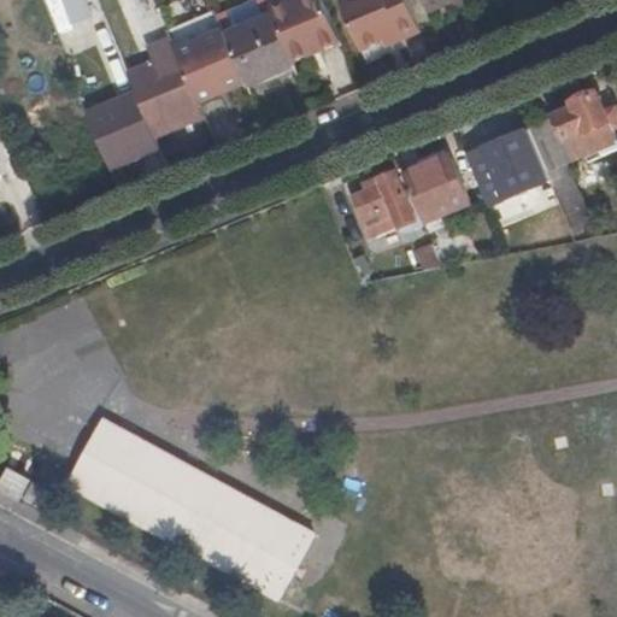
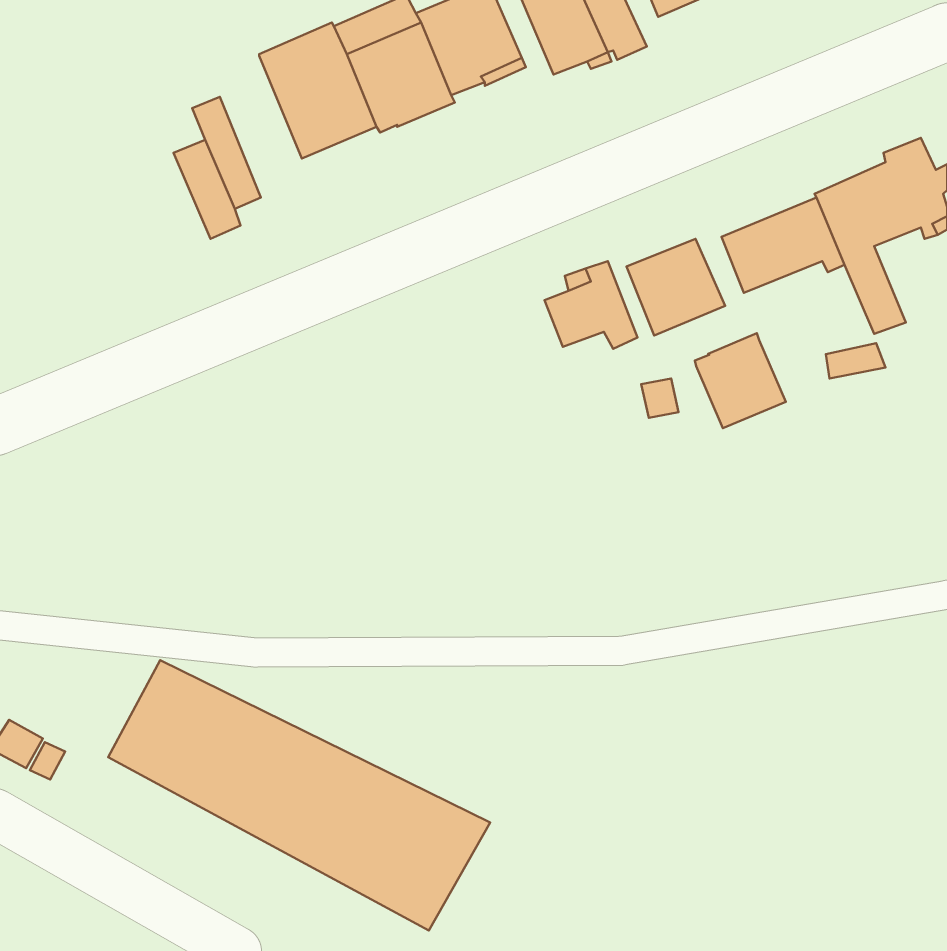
building: [142,36,201,128] -> none
building: [84,99,136,165] -> none
building: none -> [695,333,786,428]

